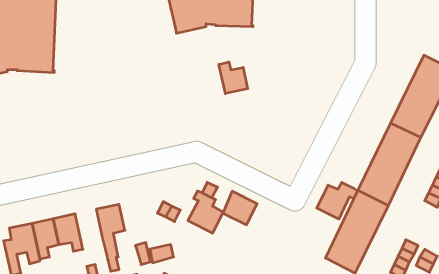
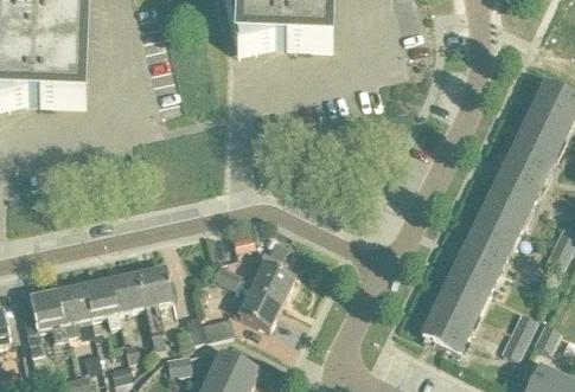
building: [219,62,248,94] -> none
building: [317,182,358,219] -> none
building: [223,191,257,225] -> [239,287,282,328]
building: none -> [111,272,145,310]

